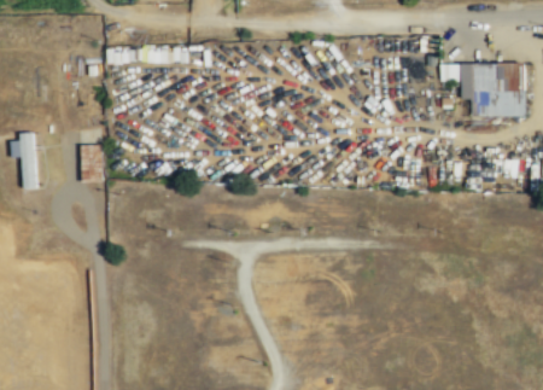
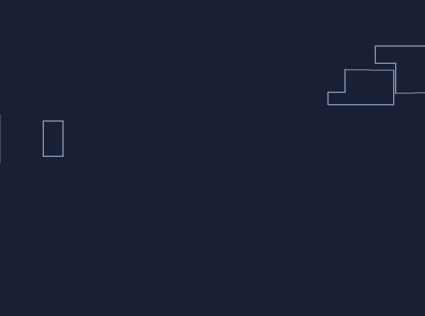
building: none -> [328,69,394,105]

